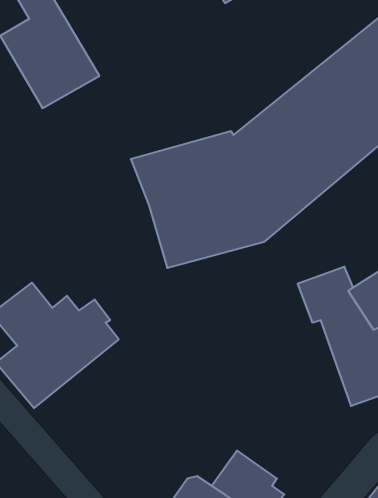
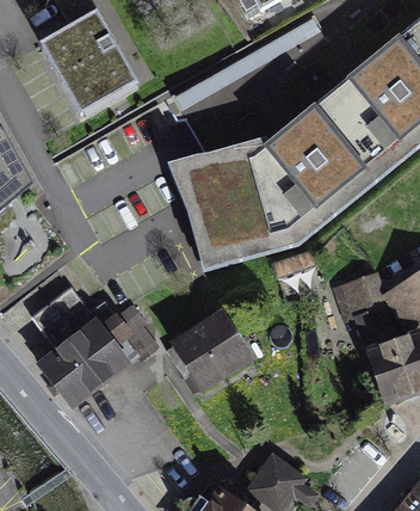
building: none -> [171,307,257,393]

